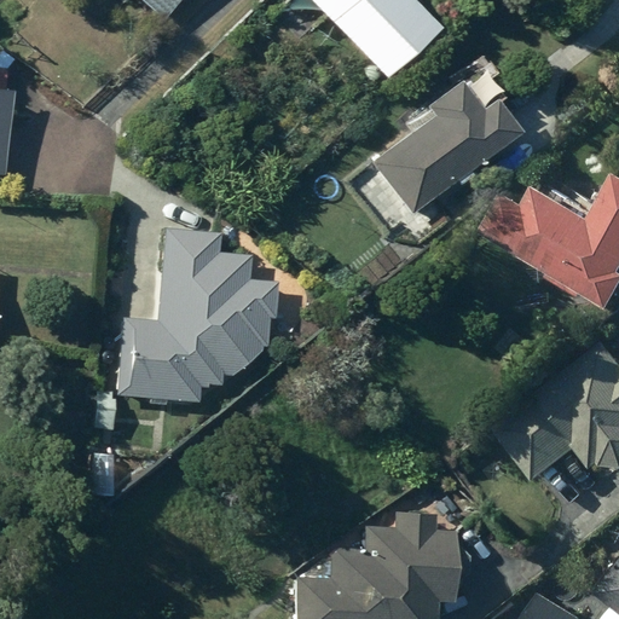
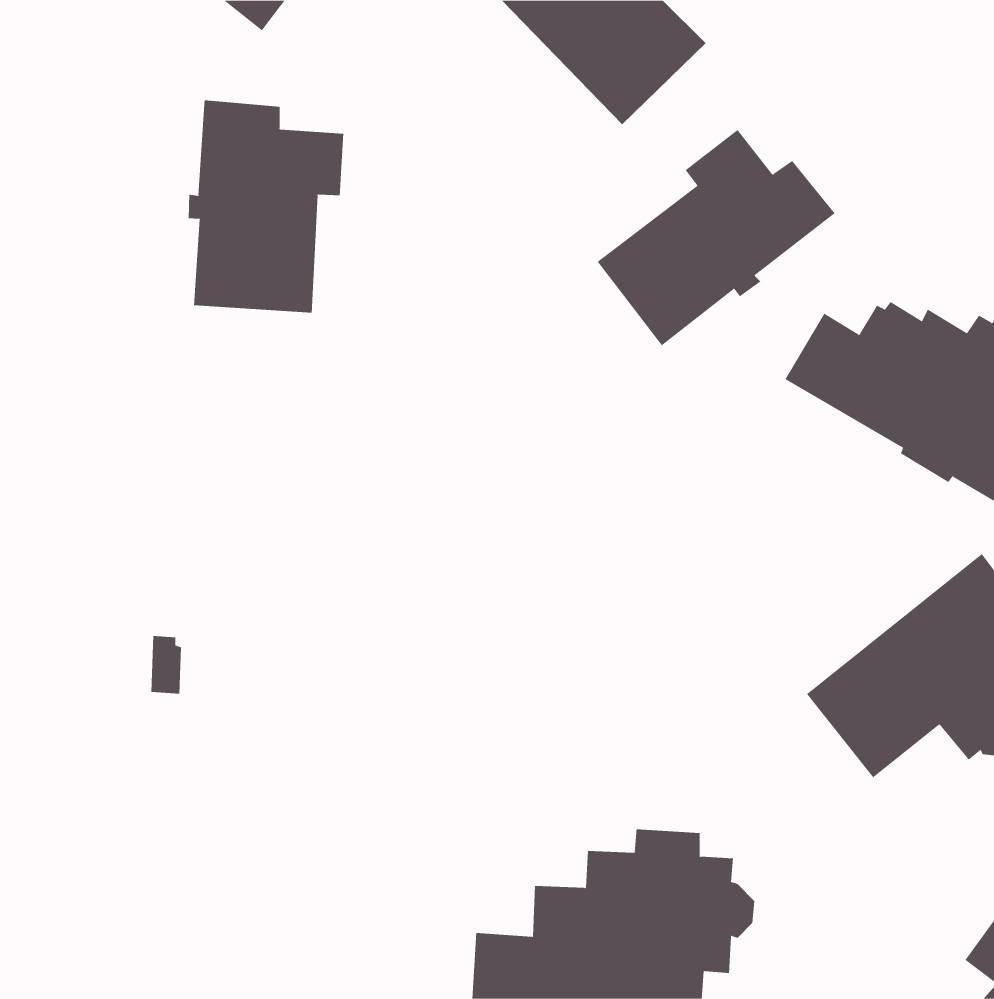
building: none -> [188,99,344,313]
building: [117,227,279,401] -> none

